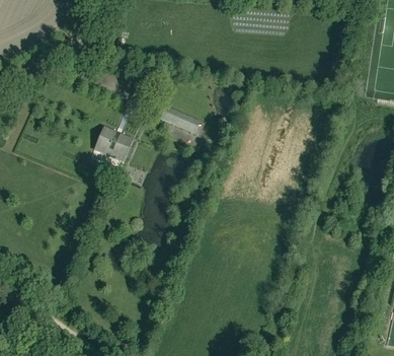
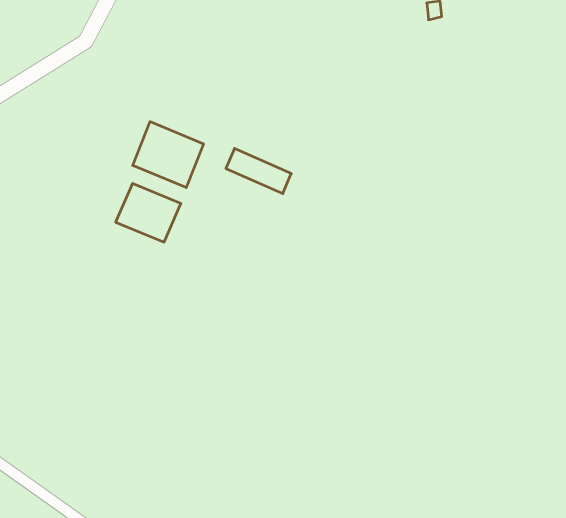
building: none -> [133,122,203,188]

